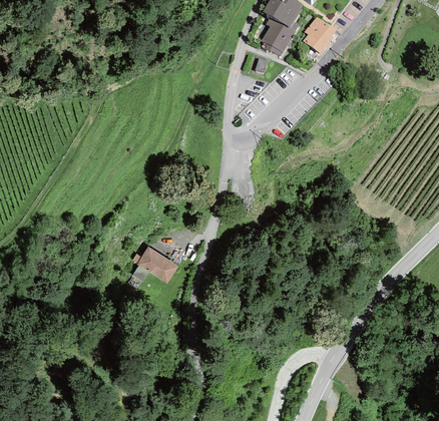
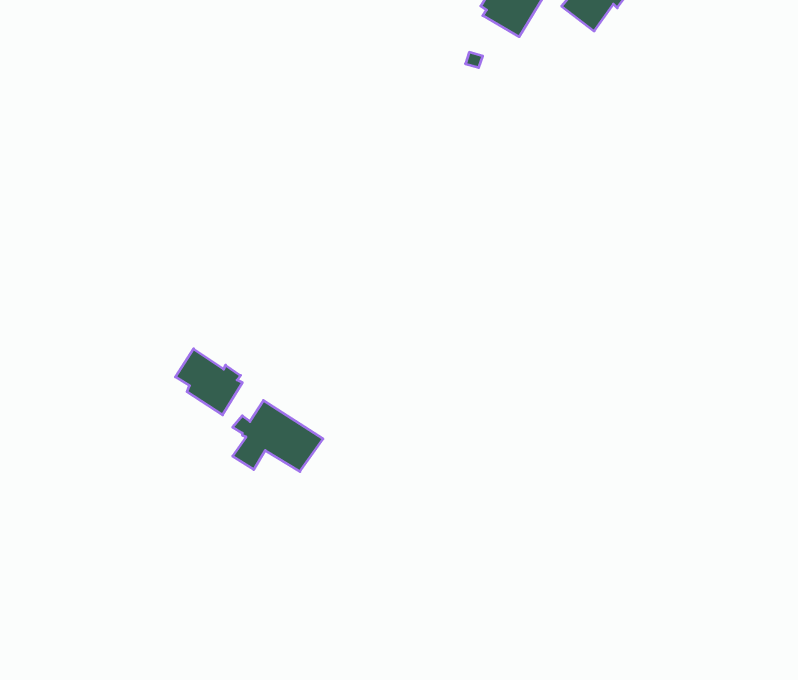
building: none -> [175,349,242,415]

